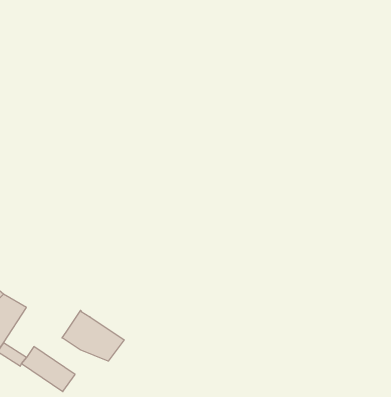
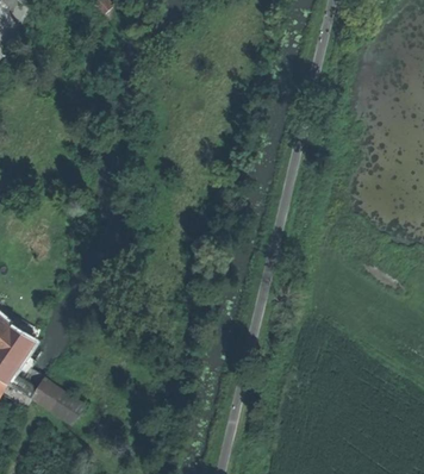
building: [62,310,124,361] -> none

